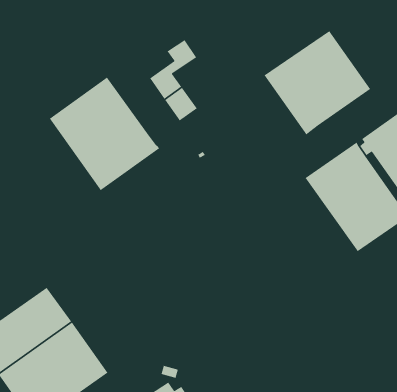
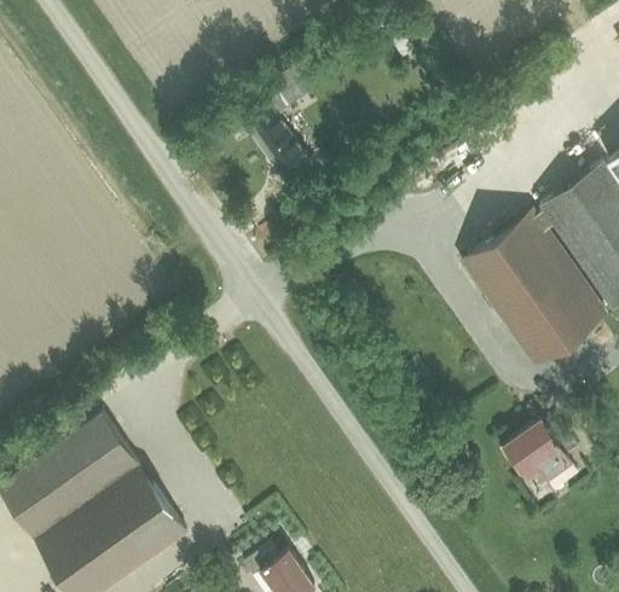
building: [264,30,371,136] -> none
building: [49,76,160,191] -> none
building: none -> [503,422,578,481]

